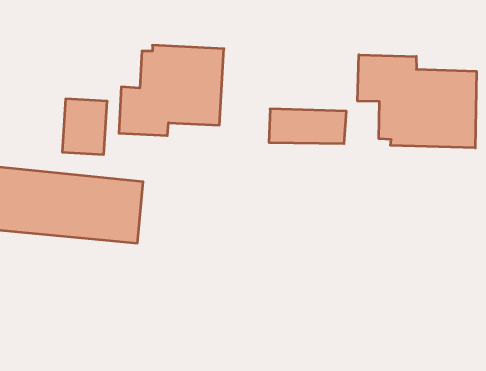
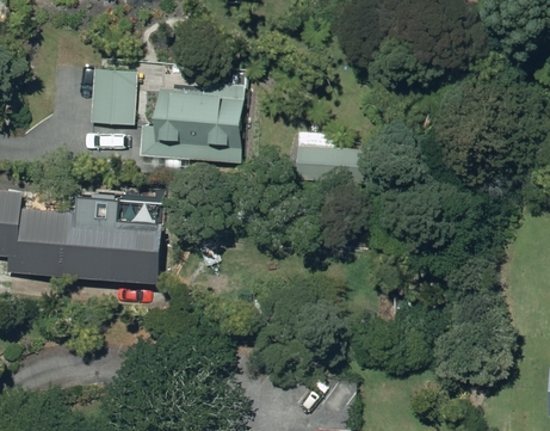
building: [358,55,476,148] -> none
building: [62,99,107,154] -> [86,66,132,123]

